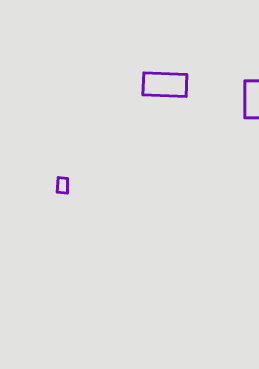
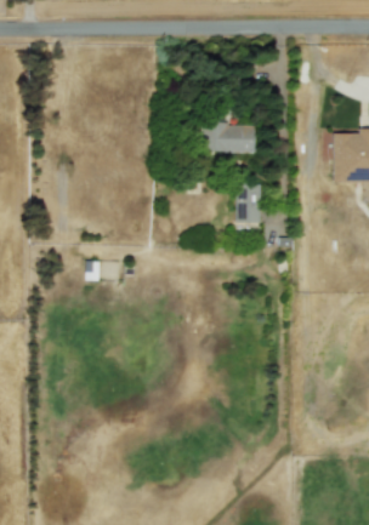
building: none -> [234,184,261,223]

